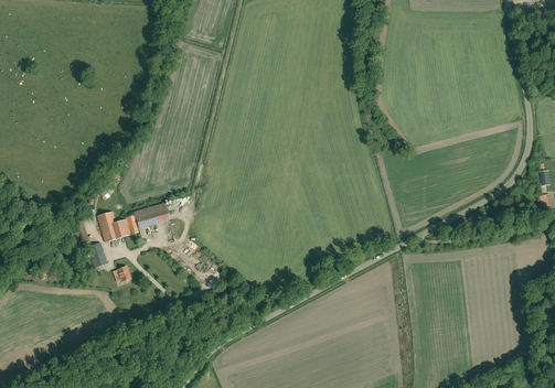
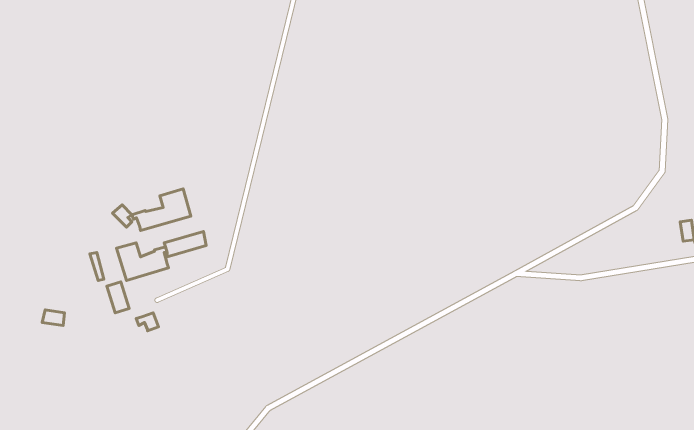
building: none -> [132,189,191,231]

